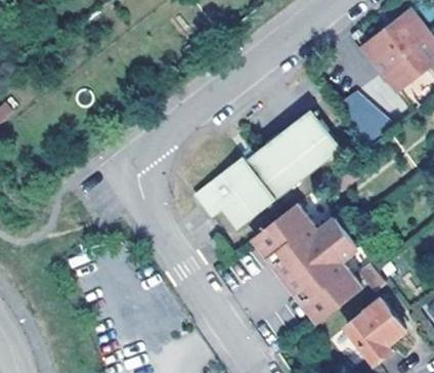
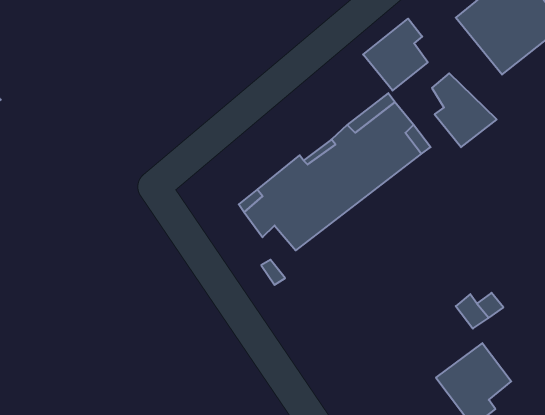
building: none -> [363,19,428,91]
building: [255,204,363,321] -> none

